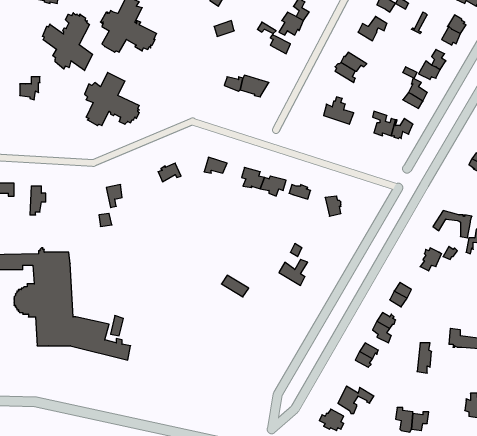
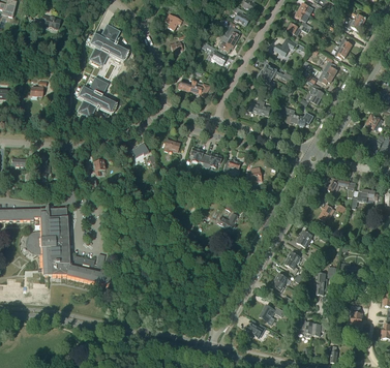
building: [42,13,93,71] -> none

